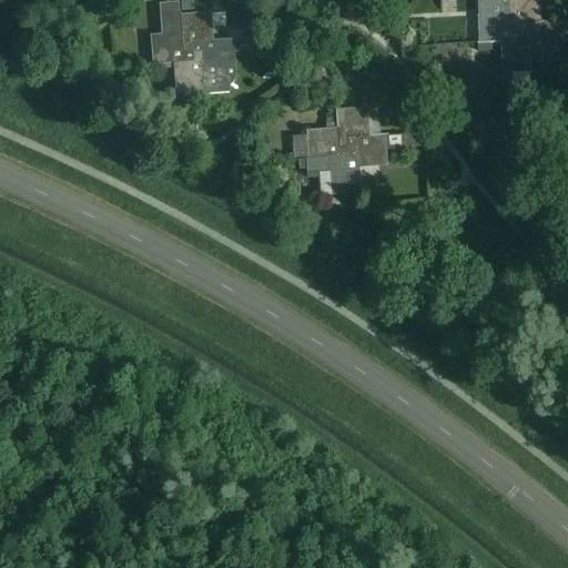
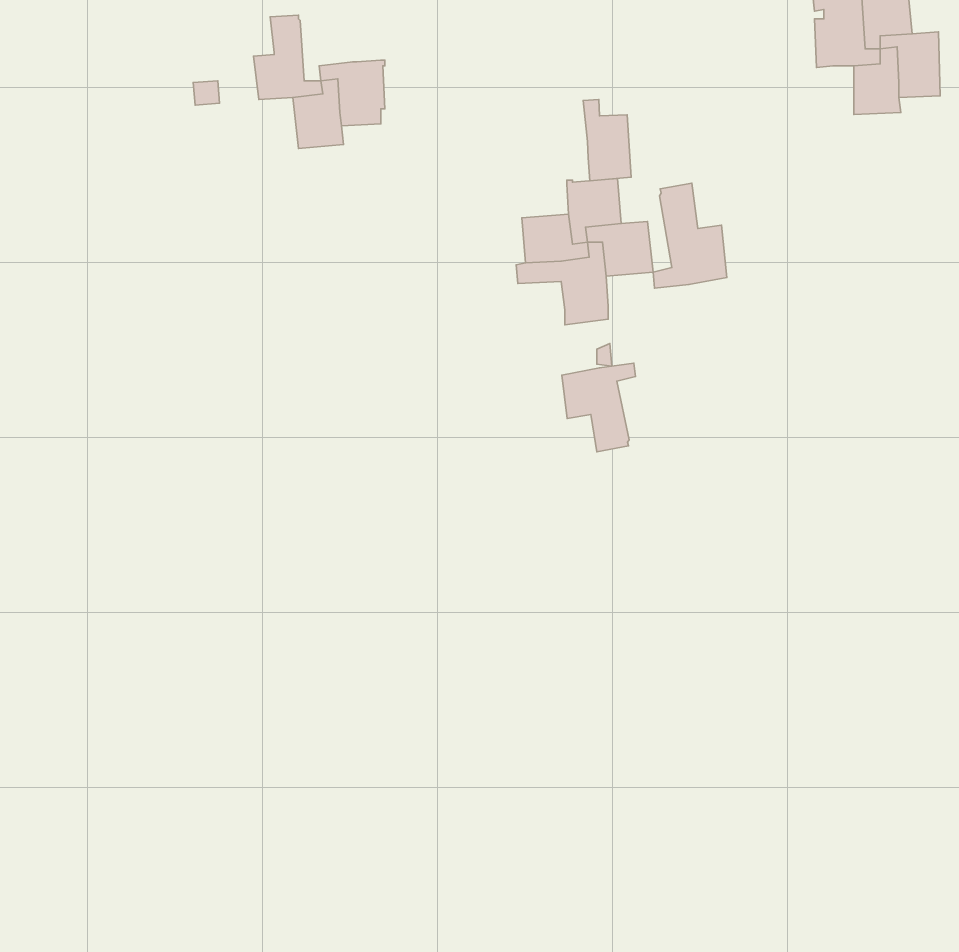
building: [178,10,209,48] -> none
building: none -> [583,100,631,181]
building: none -> [653,183,727,288]
building: none -> [562,363,635,452]

